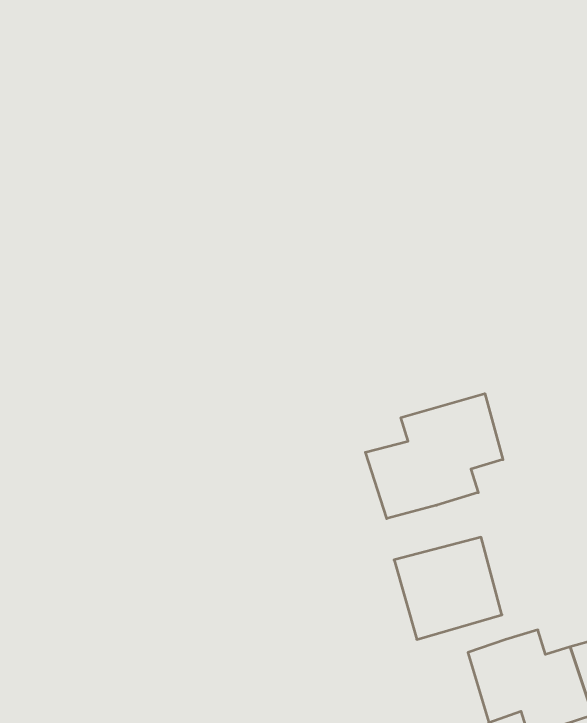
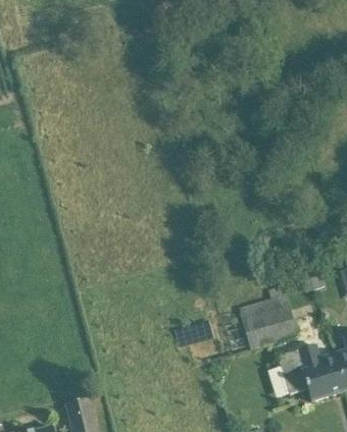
building: [365,394,503,519] -> none

